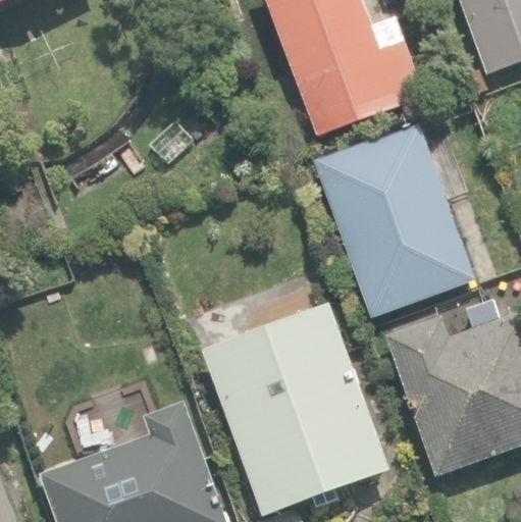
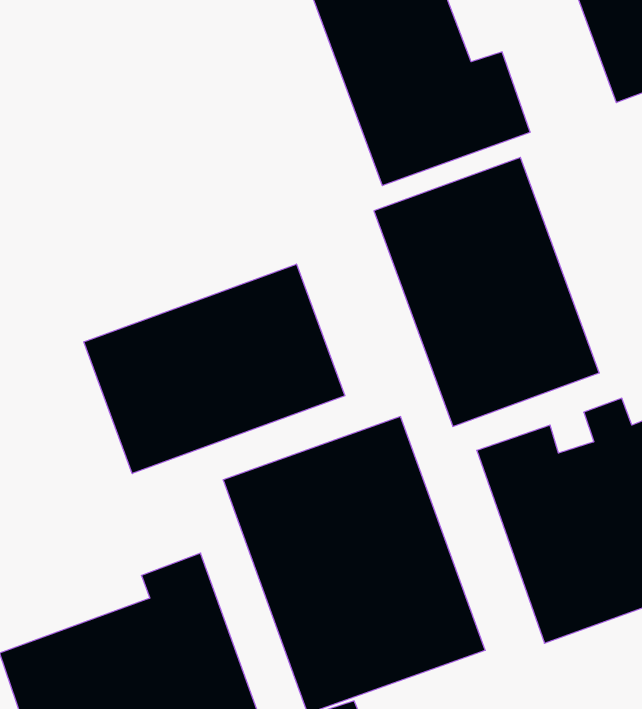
building: none -> [84,264,345,474]

